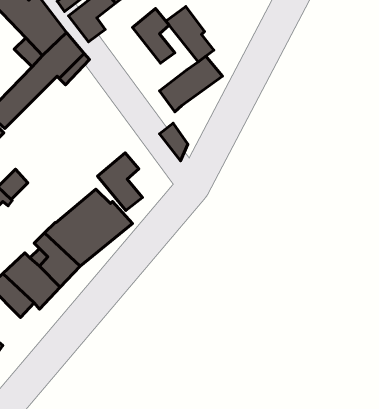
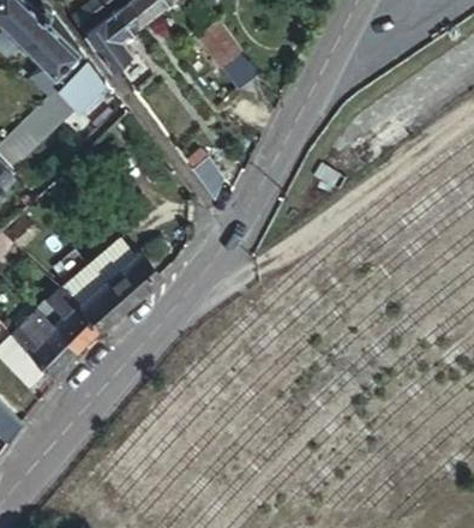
building: [132,9,175,63] -> none
building: [159,56,223,112] -> none
building: [98,153,143,210] -> none

